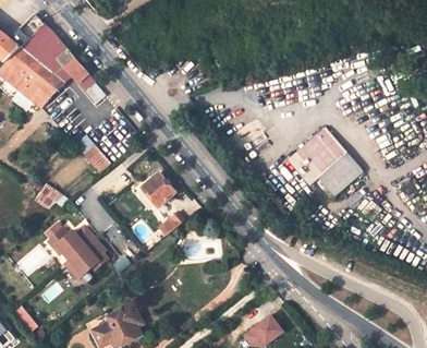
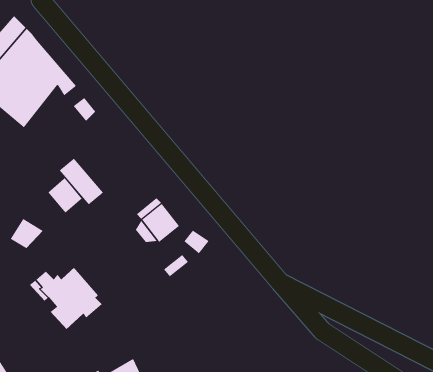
building: [280,130,357,201] -> none
building: none -> [48,178,82,214]

